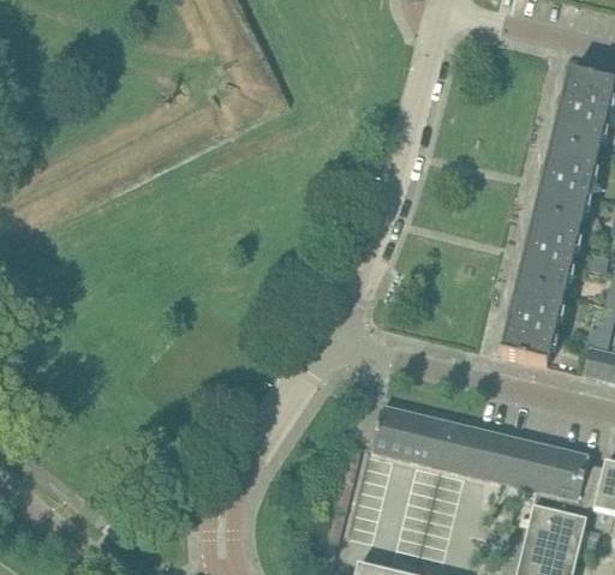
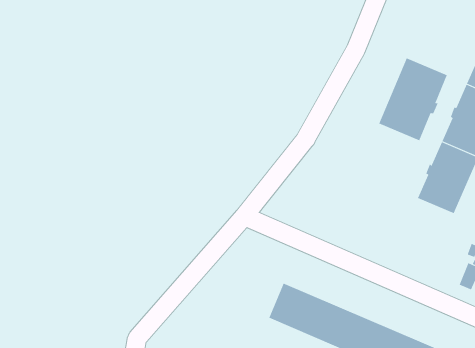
building: none -> [378,57,447,141]
building: [501,283,563,365] -> none

